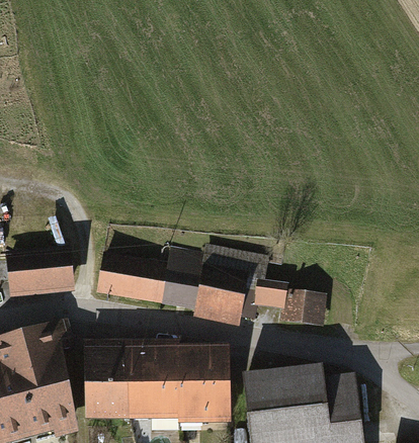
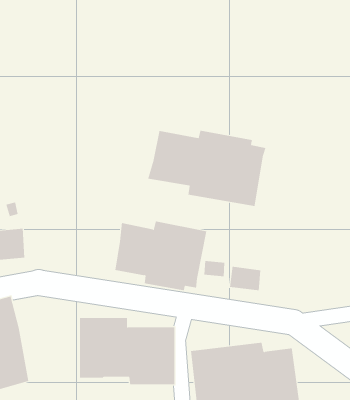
building: none -> [147,130,266,207]
building: [100,260,170,299] -> none
building: [87,350,128,415] -> none

